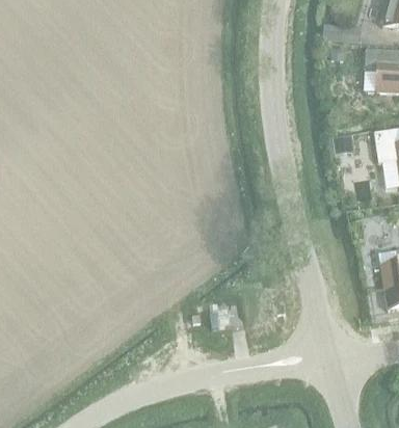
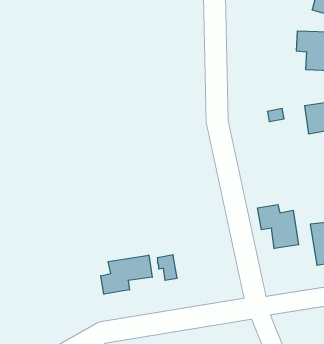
building: none -> [258,205,299,249]
building: none -> [101,255,152,294]

